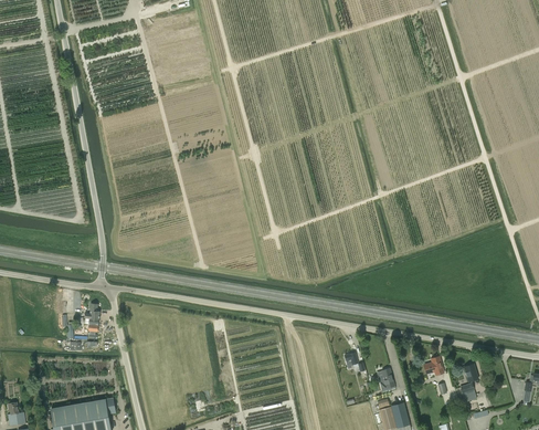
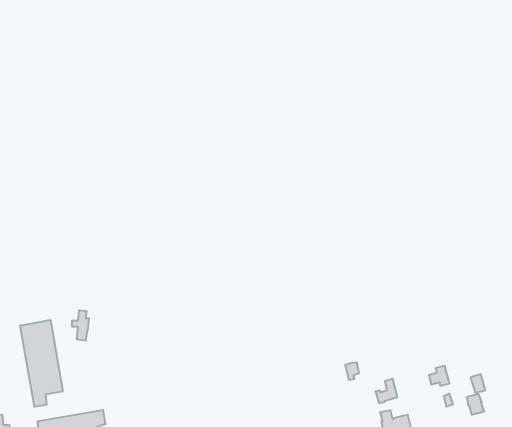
building: none -> [20,320,63,407]

